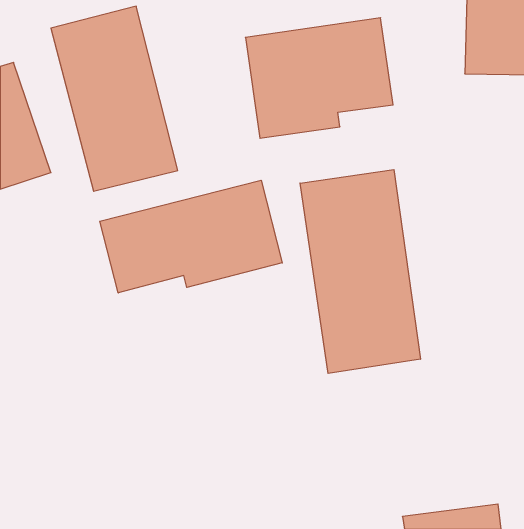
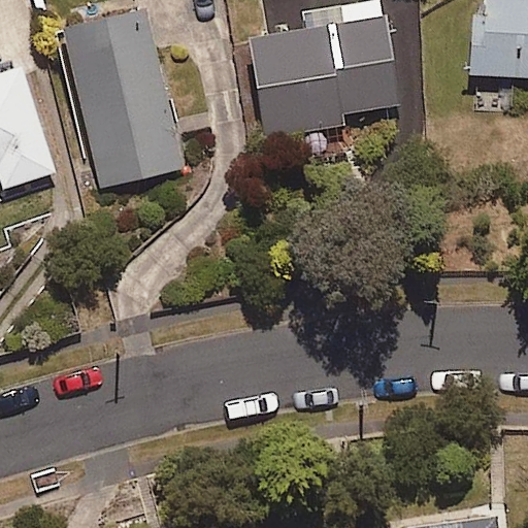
building: [300,170,420,373] -> none
building: [100,180,282,293] -> none

